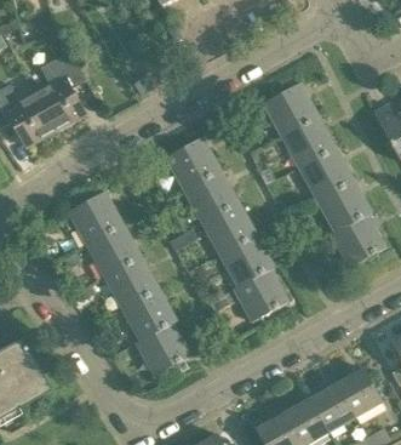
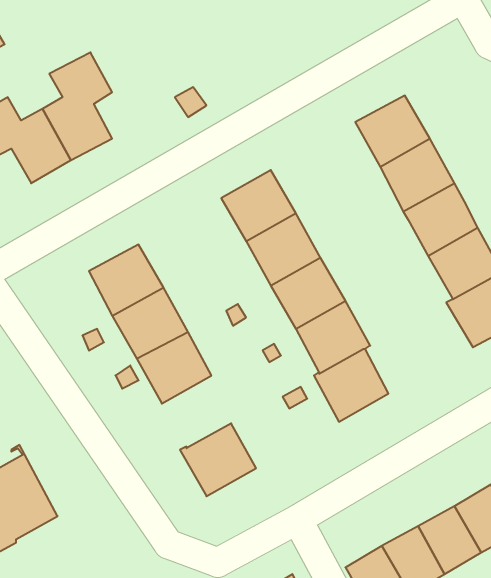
building: [121,287,176,341] -> none

